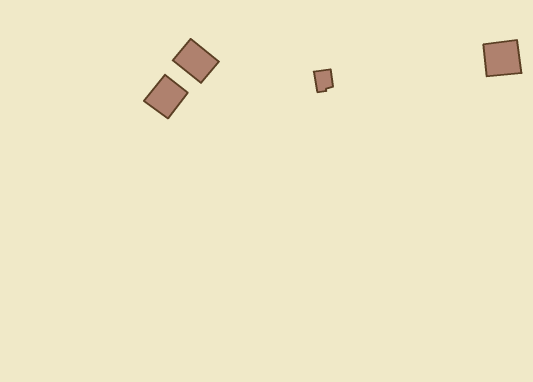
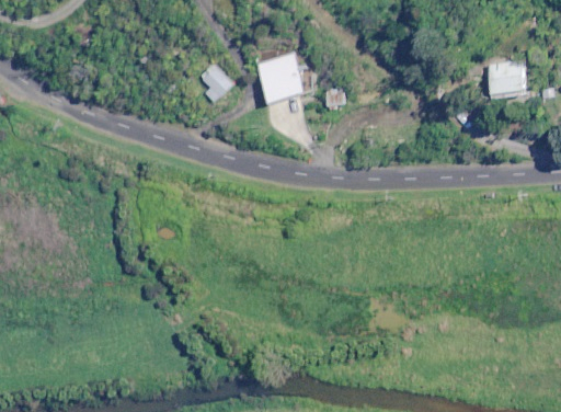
building: none -> [257,53,306,104]
building: [144,75,188,118] -> none

